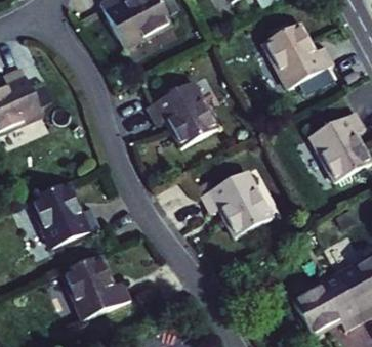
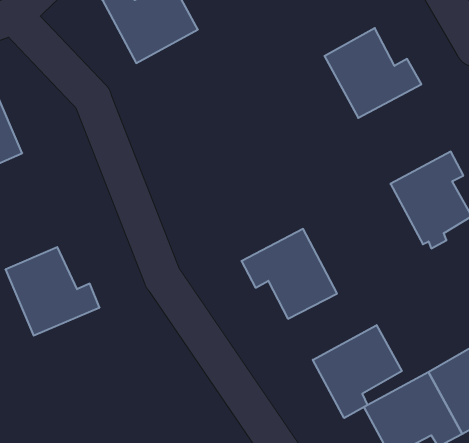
building: [144,81,216,145] -> none
building: none -> [313,325,402,418]
building: [60,253,129,319] -> none

